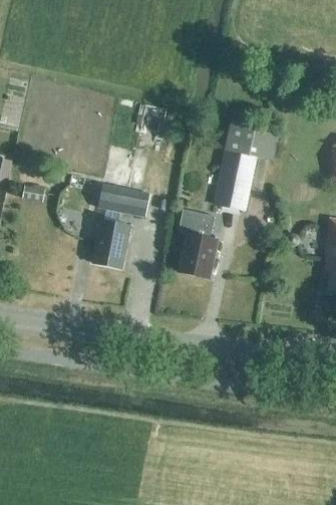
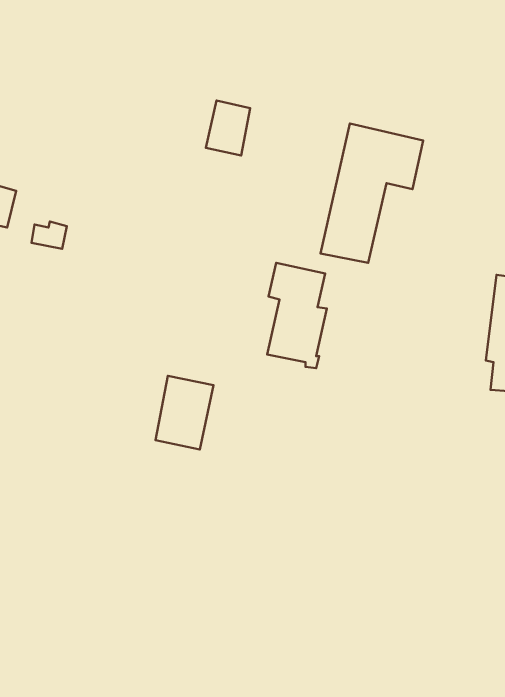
building: [96,185,148,222] -> none
building: [96,221,134,269] -> [156,376,214,449]

